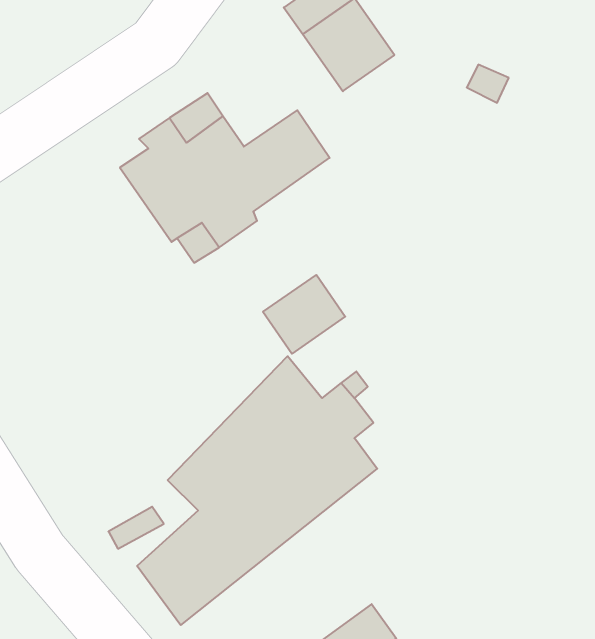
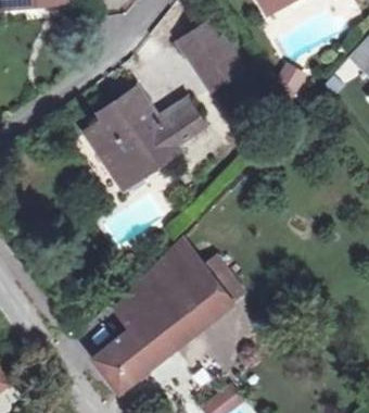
building: [263,275,345,354] -> none

